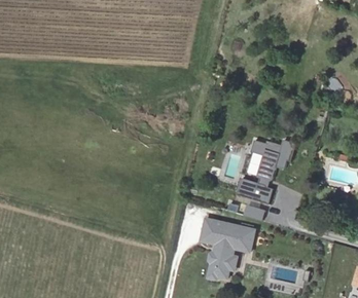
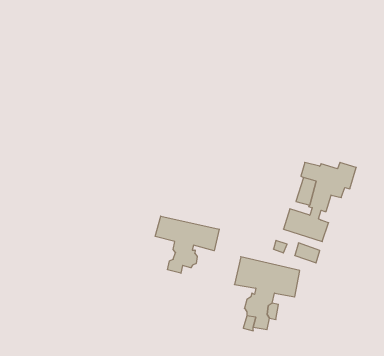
building: none -> [155,216,219,273]

